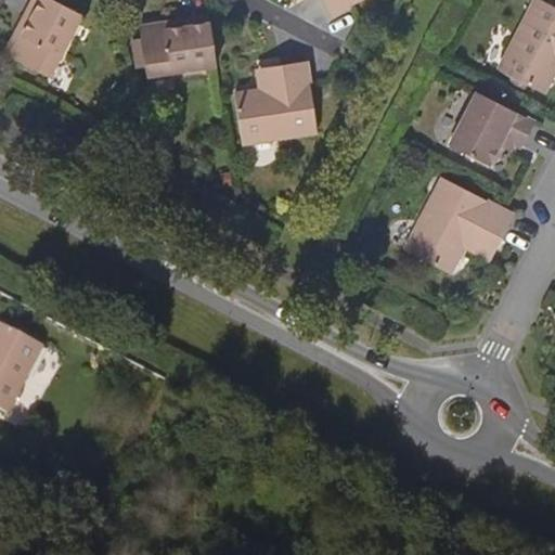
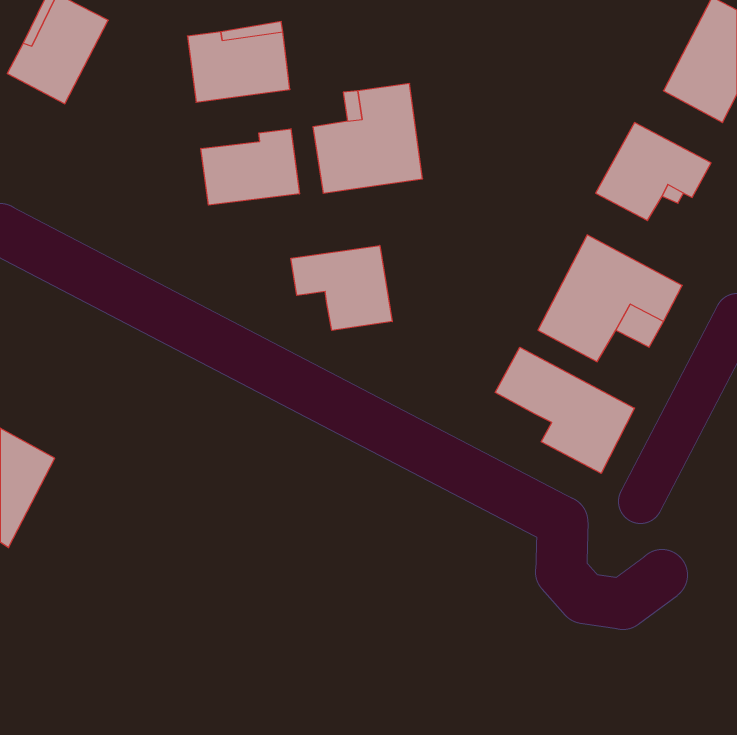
building: none -> [201,129,299,205]
building: none -> [291,245,392,330]
building: none -> [495,347,635,473]

